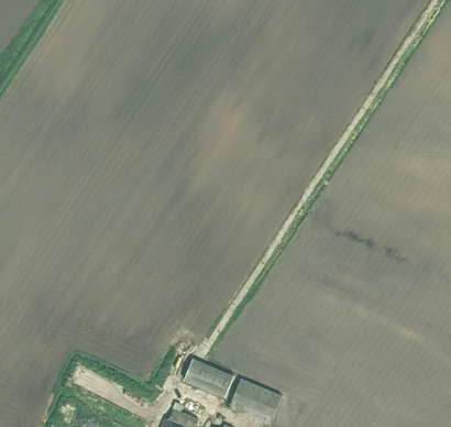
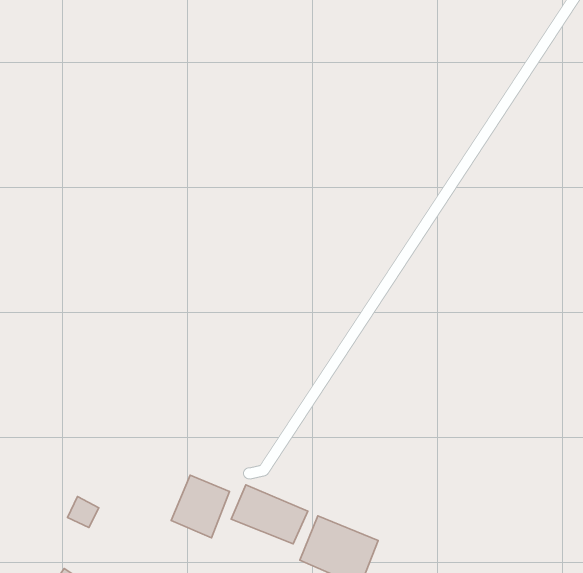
building: none -> [171,475,229,538]

